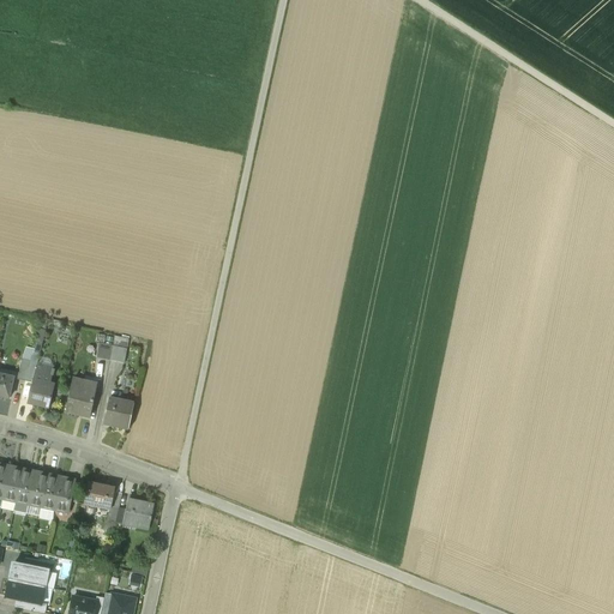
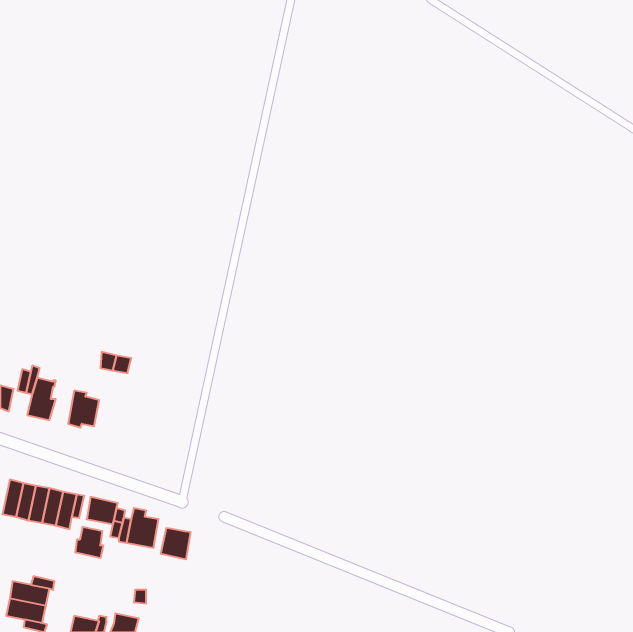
building: [103,397,134,428] -> none
building: none -> [75,527,103,558]
building: none -> [161,528,191,559]

